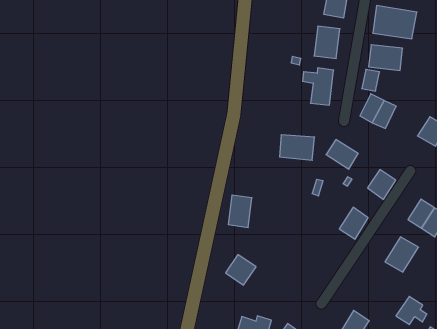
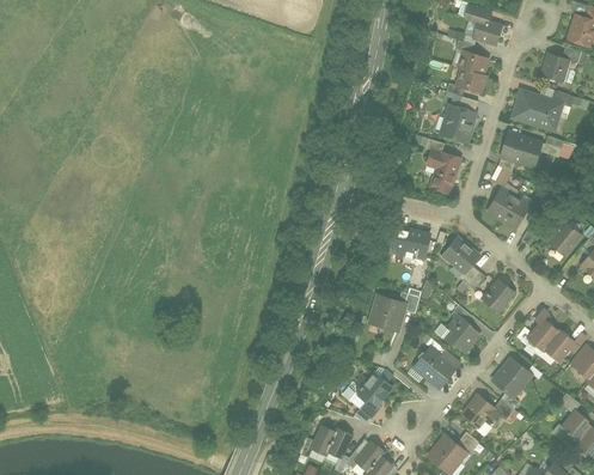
building: [228,195,252,227] -> [369,292,400,331]
building: none -> [412,347,451,384]
building: [226,255,256,285] -> [359,372,394,408]
building: [396,296,427,325] -> [461,394,497,426]

